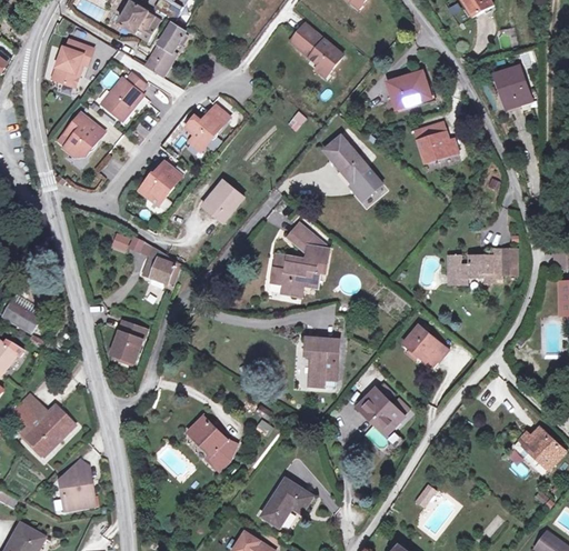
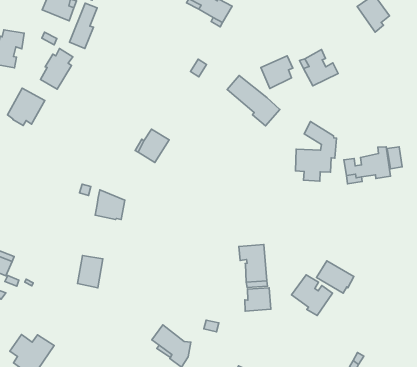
building: [389,70,427,106] -> [261,56,293,89]
building: [186,103,228,148] -> none
building: [139,160,182,204] -> none
building: [272,226,327,298] -> [296,122,337,181]
building: [405,325,449,367] -> [316,261,354,293]
building: none -> [245,288,271,311]

